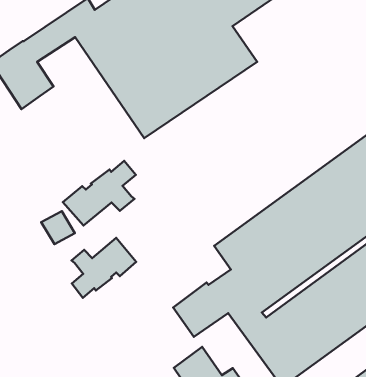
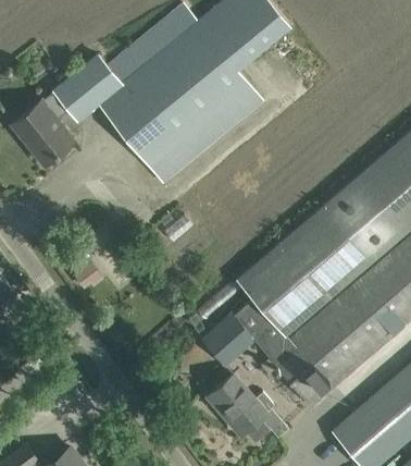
building: [63,161,136,226] -> none
building: [72,238,136,298] -> none

